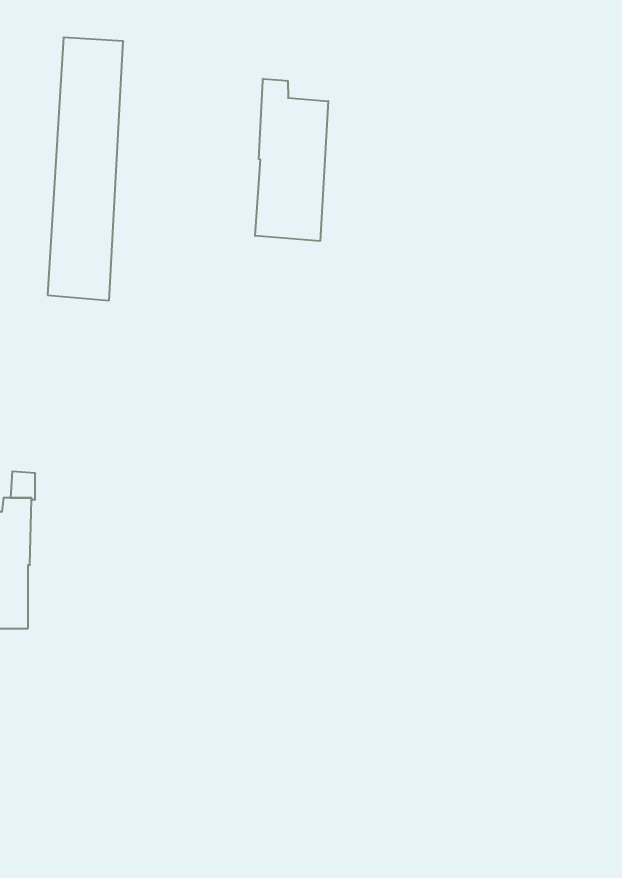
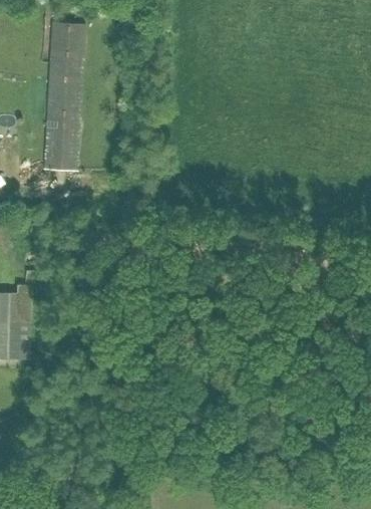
building: [255,79,328,241] -> none

